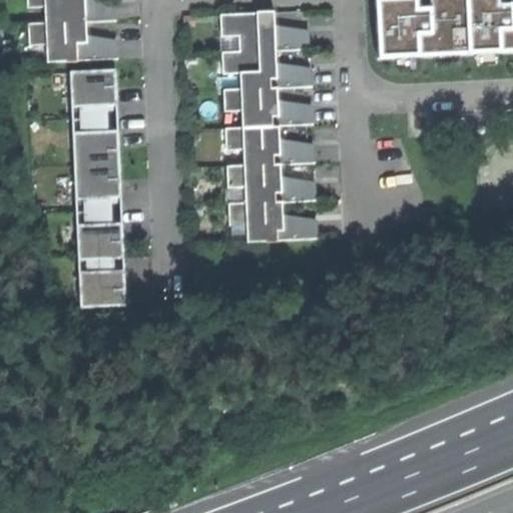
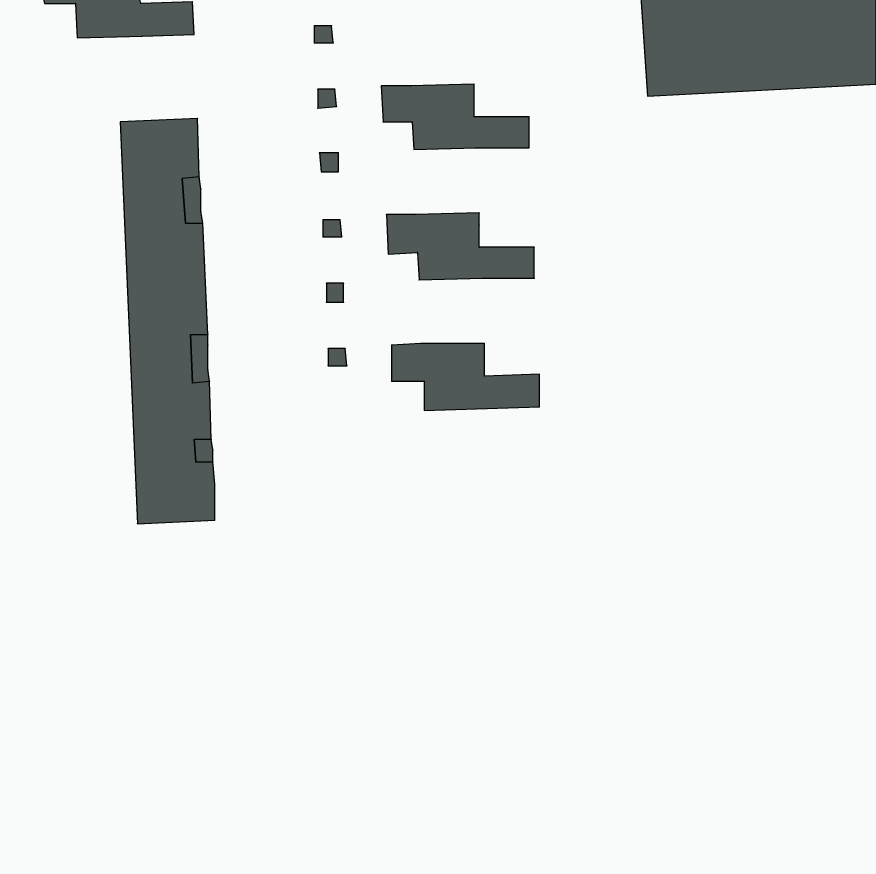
building: [221,12,307,50] -> none
building: [28,21,114,59] -> none
building: [224,86,310,125] -> none
building: [226,162,314,200] -> none

